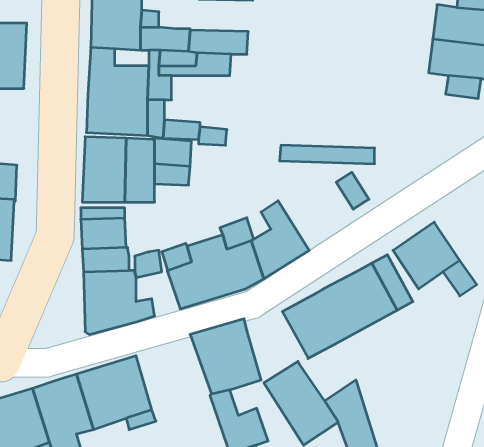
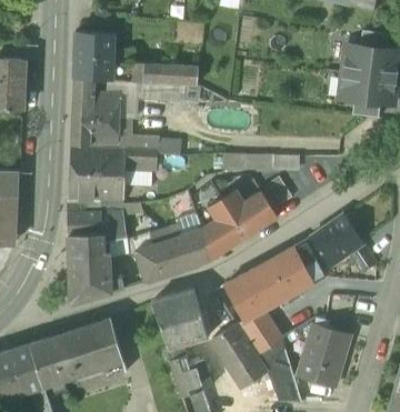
building: none -> [221,189,278,237]
building: none -> [101,211,127,241]
building: none -> [239,310,282,353]
building: none -> [299,324,350,385]

